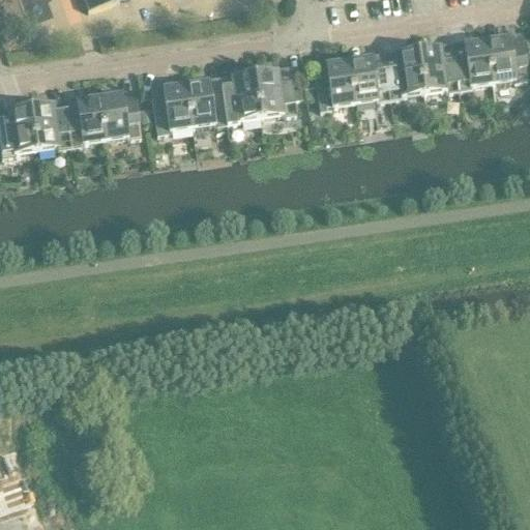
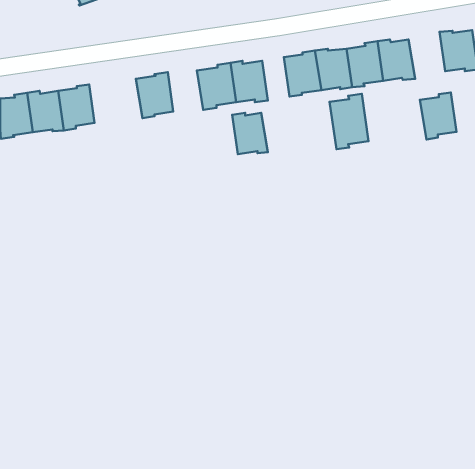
building: [455,35,496,87] -> [420,92,457,139]
building: [189,78,229,123] -> [232,113,268,154]
building: [102,90,145,136] -> none
building: none -> [330,94,369,149]

